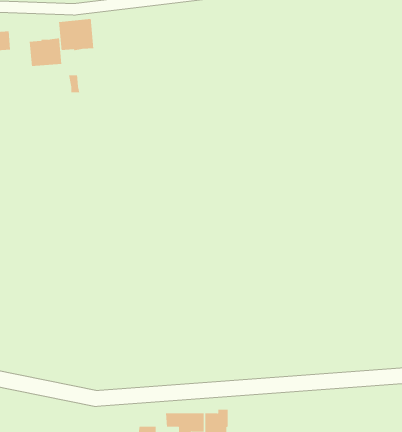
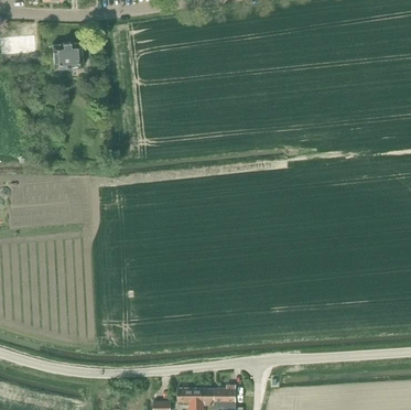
building: [58,18,94,51] -> none

